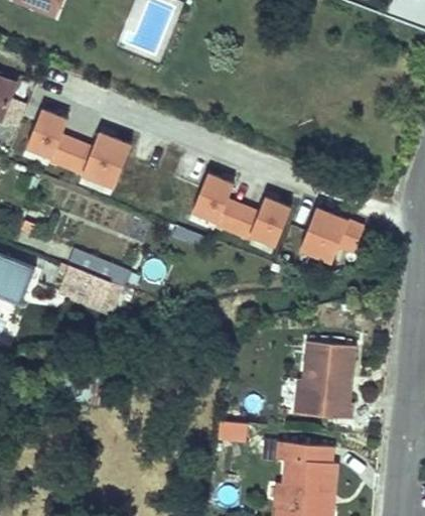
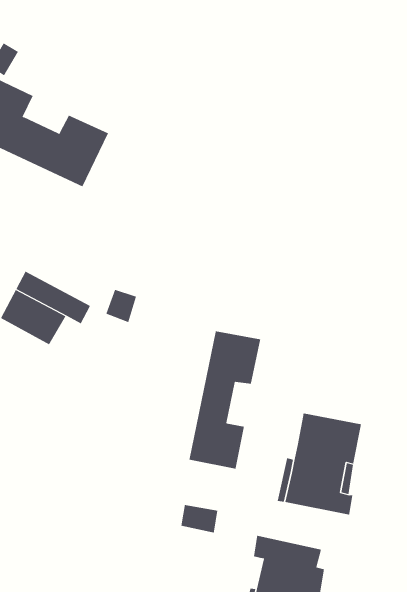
building: [188,169,290,246] -> none
building: [296,204,366,262] -> none
building: none -> [189,331,261,470]

